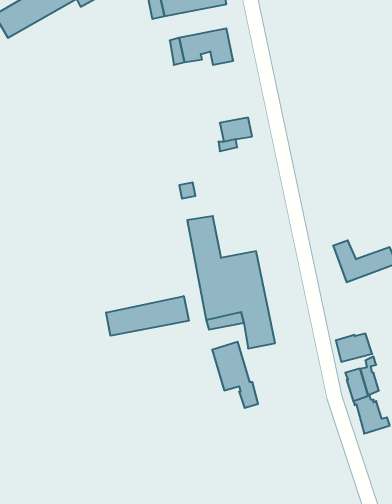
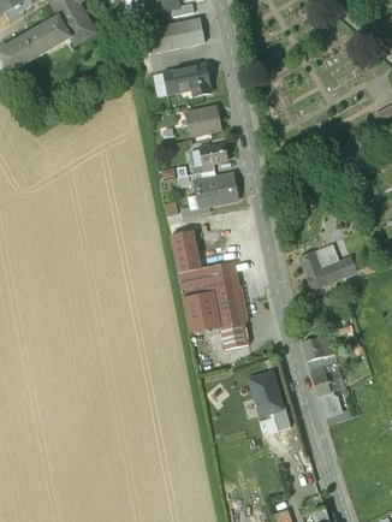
building: none -> [185,105,221,132]
building: none -> [194,172,237,206]
building: [106,296,189,336] -> none
building: [212,342,258,408] -> [249,370,290,429]

